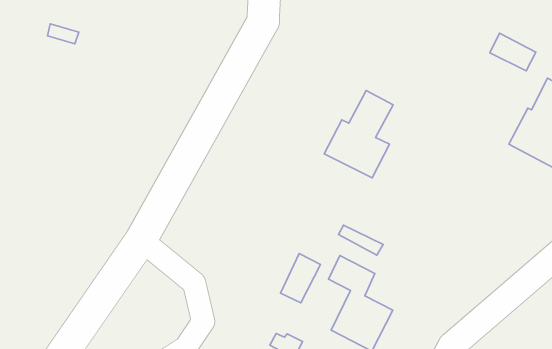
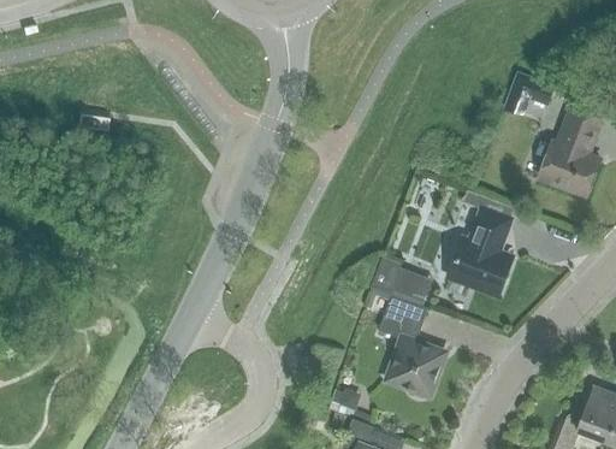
building: [324,91,393,178] -> [448,208,510,293]
building: [280,254,320,303] -> none

